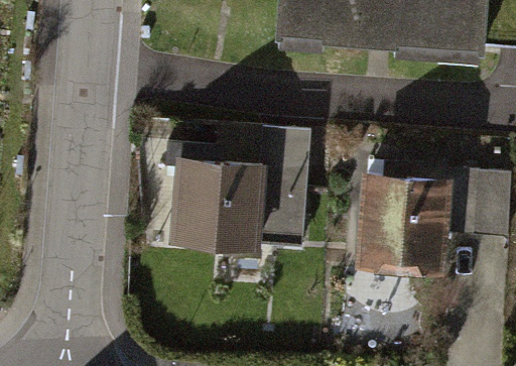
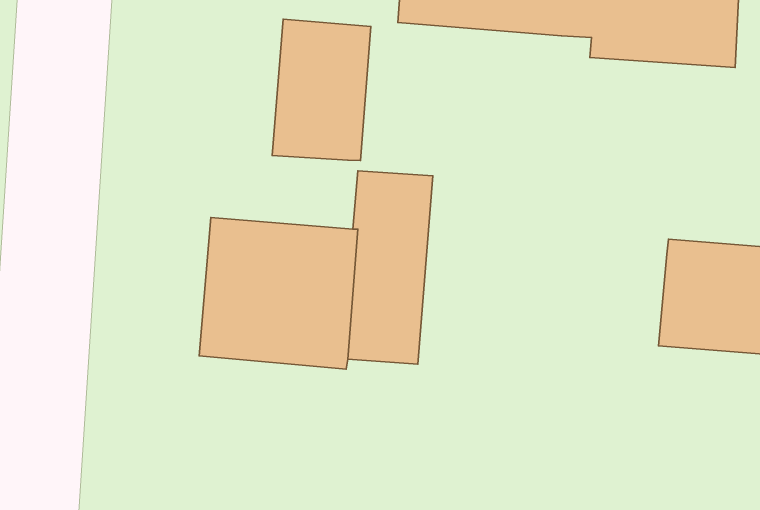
building: none -> [272,19,371,161]
building: [352,167,449,270] -> none

